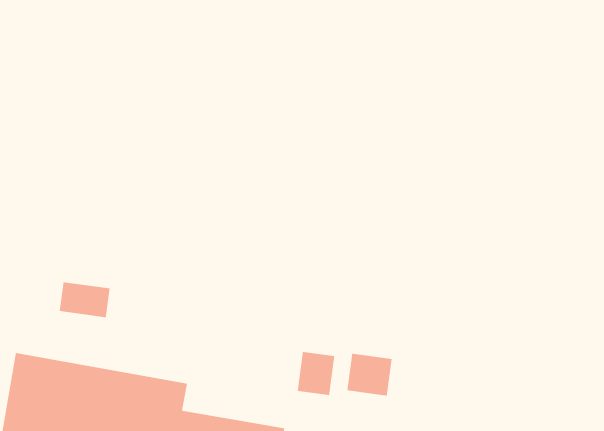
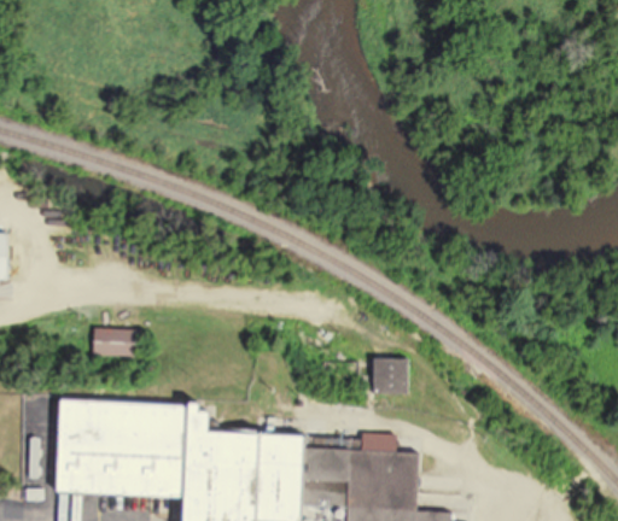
building: [297,351,335,396] -> none

